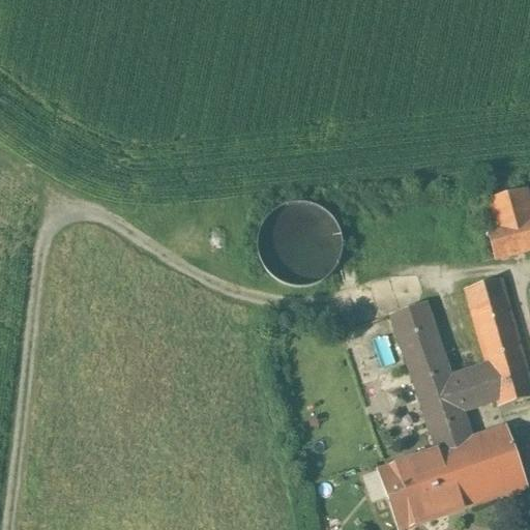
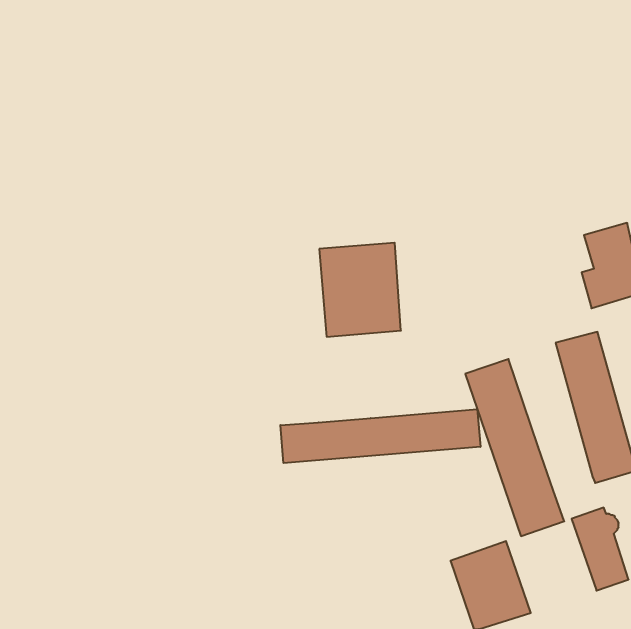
building: none -> [280,409,480,463]
building: [451,361,497,410] -> none
building: [424,434,500,512] -> none

